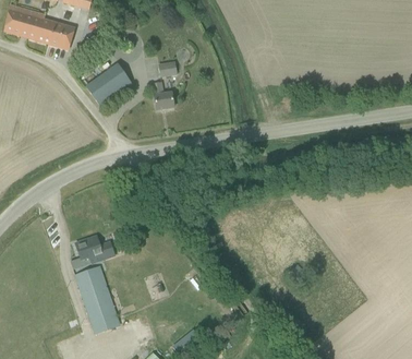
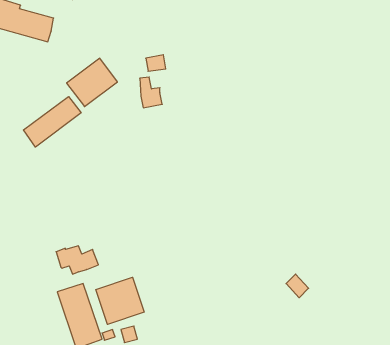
building: none -> [23,97,81,147]
building: none -> [96,277,144,324]

